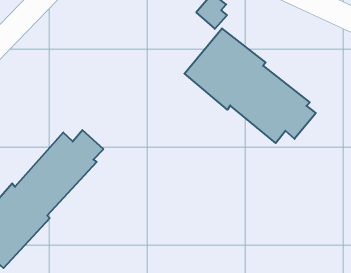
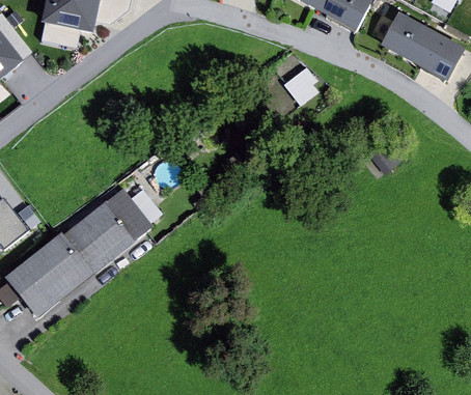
building: [184,28,316,143] -> none

